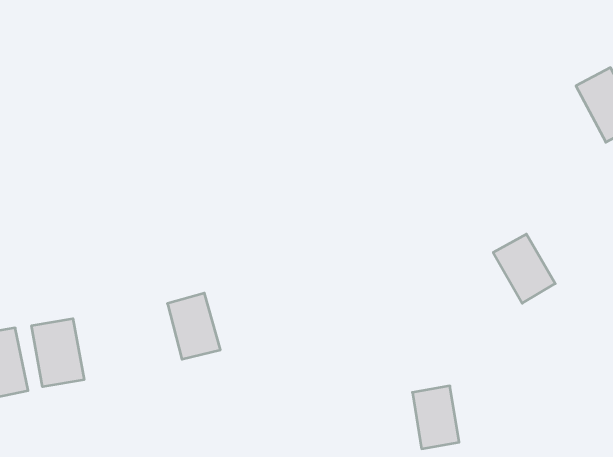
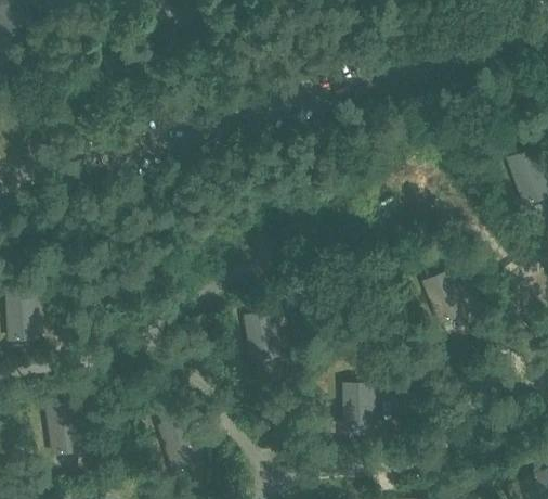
building: [167,293,220,359] -> [244,310,280,360]
building: [32,319,84,387] -> none

